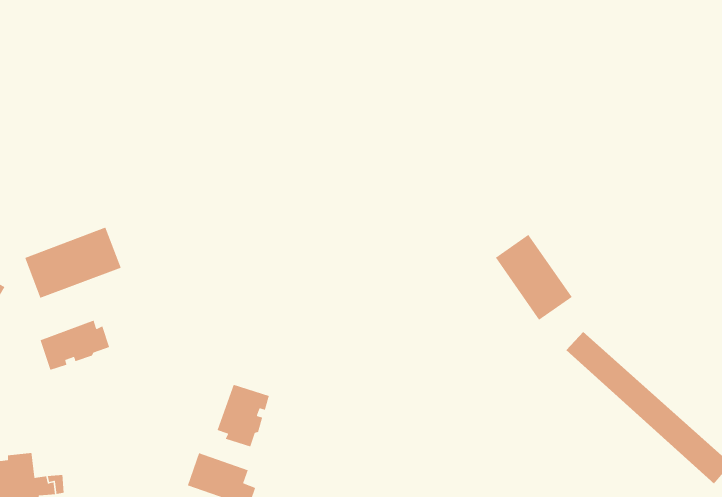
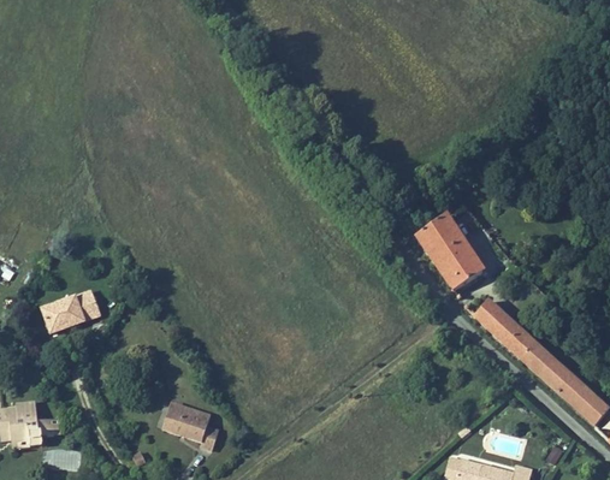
building: [24,226,122,299] -> none
building: [217,384,270,448] -> none

